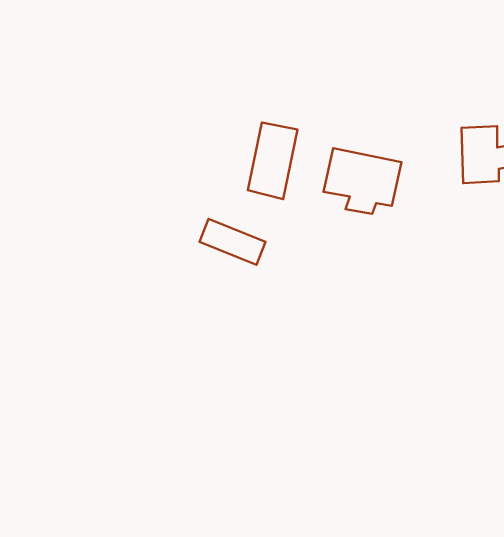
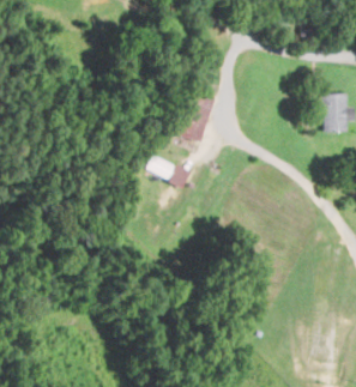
building: [323,148,402,214] -> none

